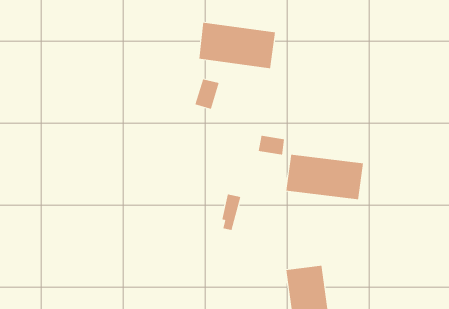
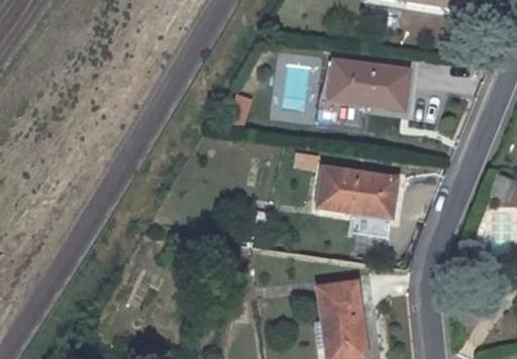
building: [199,22,276,69] -> [330,62,409,109]

